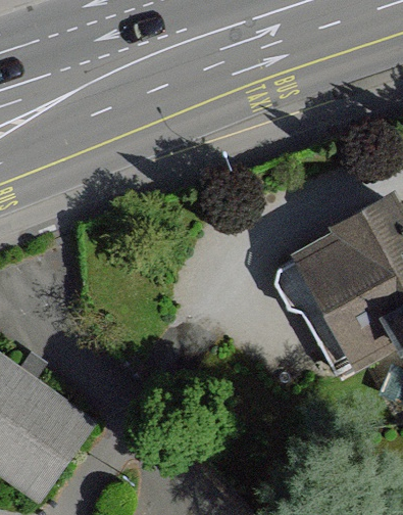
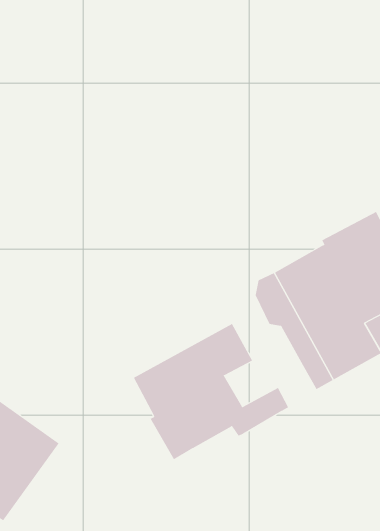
building: none -> [133,323,289,460]

